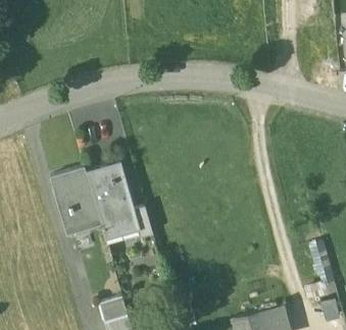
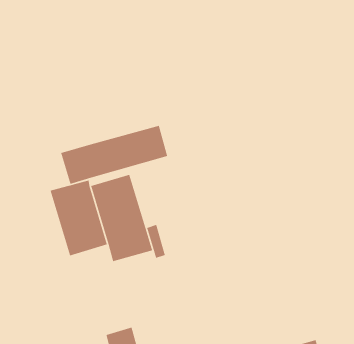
building: none -> [60,125,168,185]

